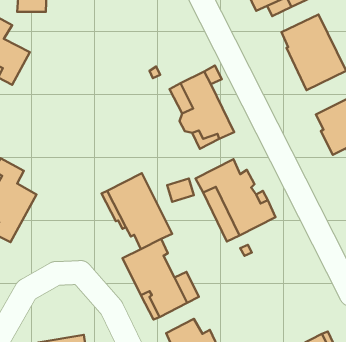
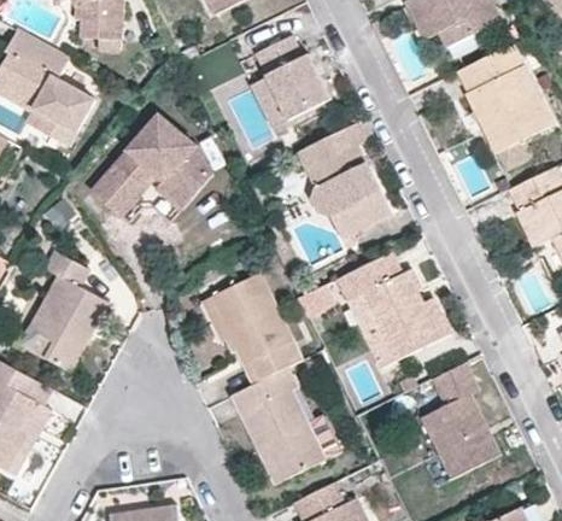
building: none -> [253,34,329,121]
building: none -> [92,113,210,215]
building: none -> [421,362,499,476]

